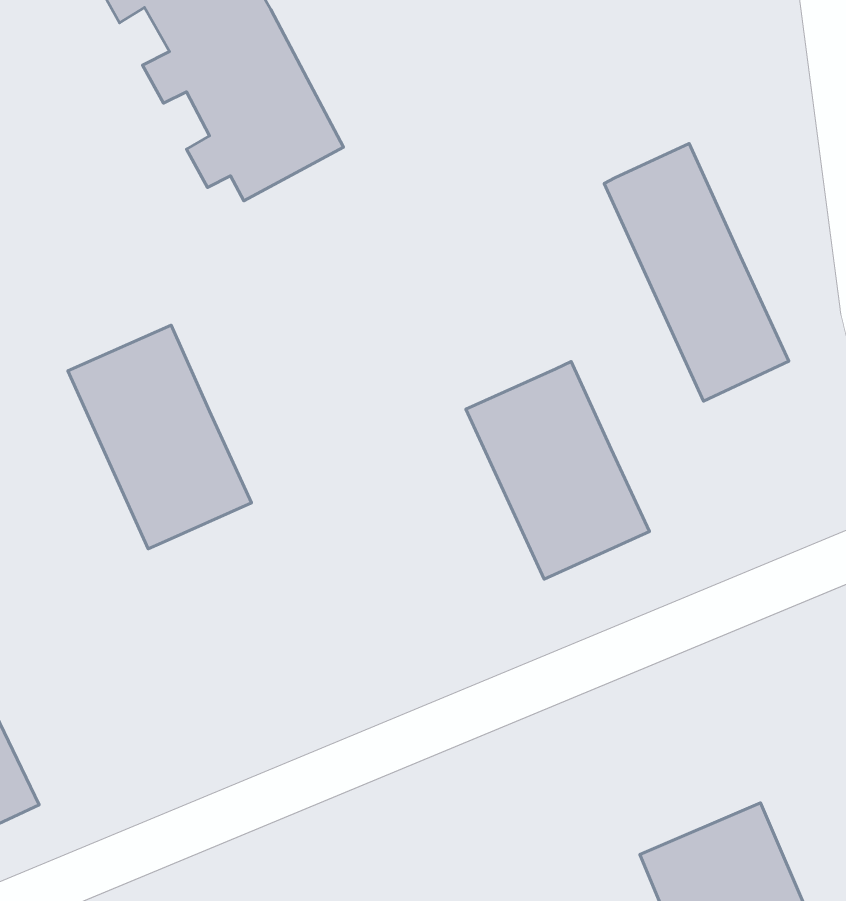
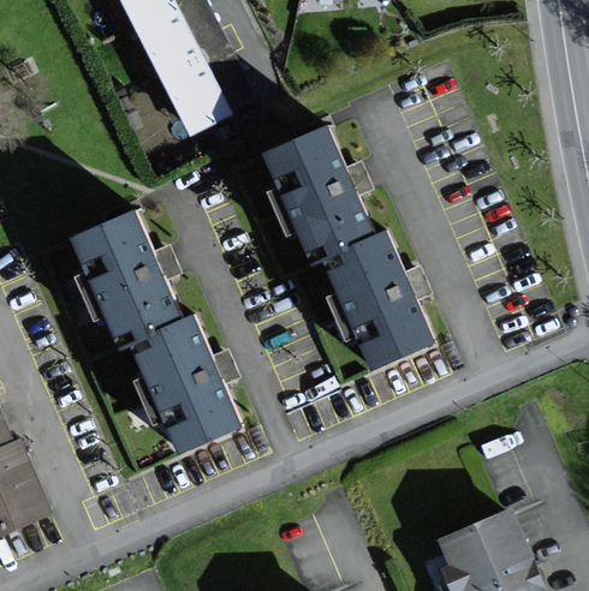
building: [604,144,789,401] -> none
building: none -> [261,125,376,265]
building: none -> [129,316,244,453]

